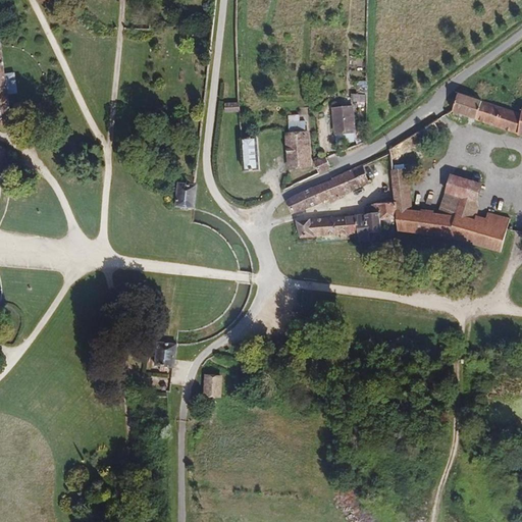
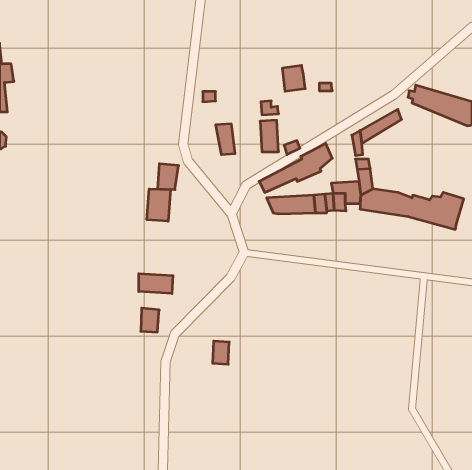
building: [331,105,357,134] -> [282,65,305,91]
building: [438,173,481,220] -> none
building: none -> [147,189,170,221]
building: none -> [139,274,173,294]
building: [203,372,221,398] -> [213,341,229,364]

